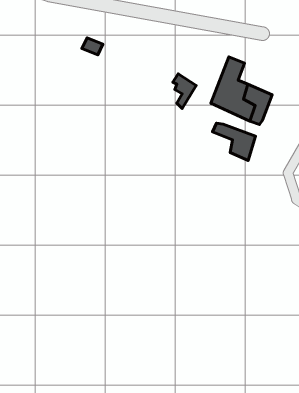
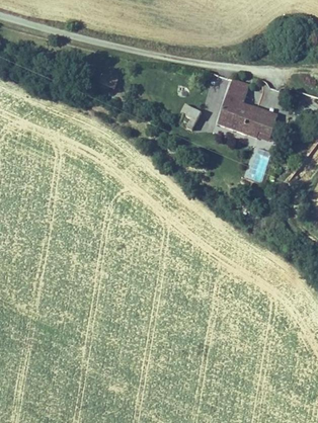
building: [213,123,255,161] -> none

